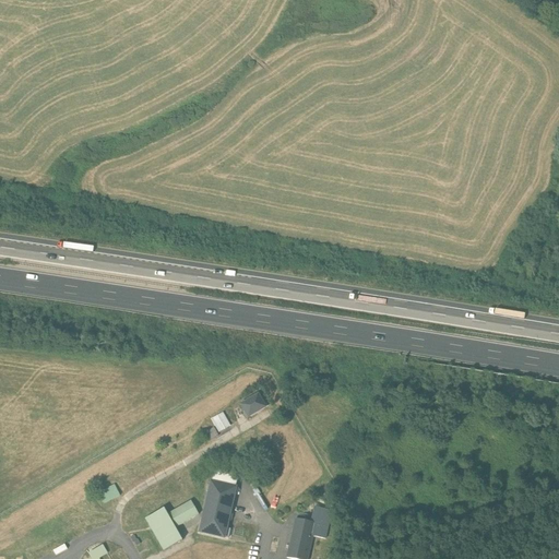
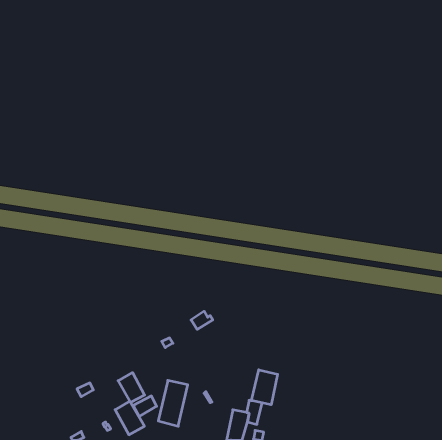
building: none -> [251,370,278,405]
building: none -> [118,373,145,403]

